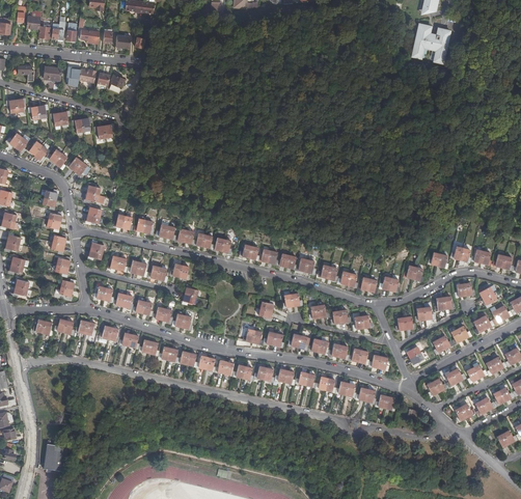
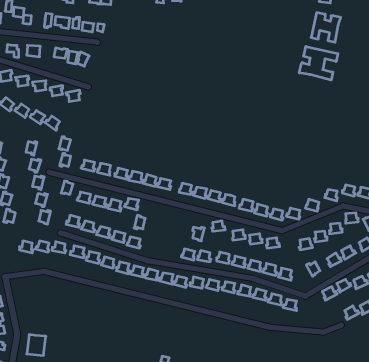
building: none -> [299,46,338,80]

